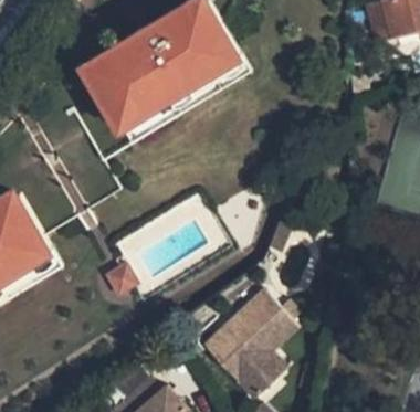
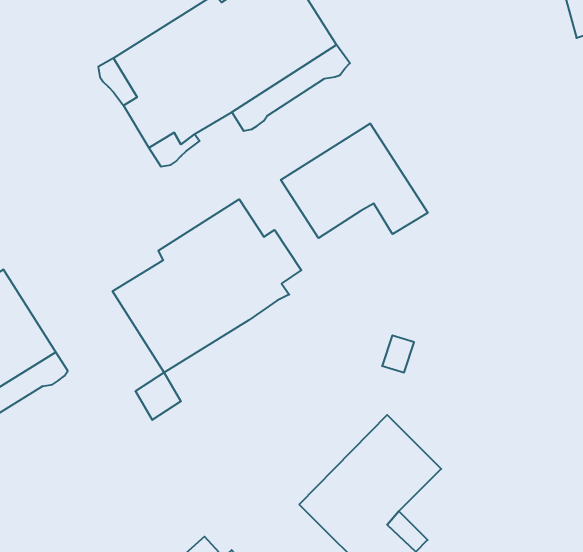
building: none -> [281,123,428,238]
building: none -> [113,199,301,373]

